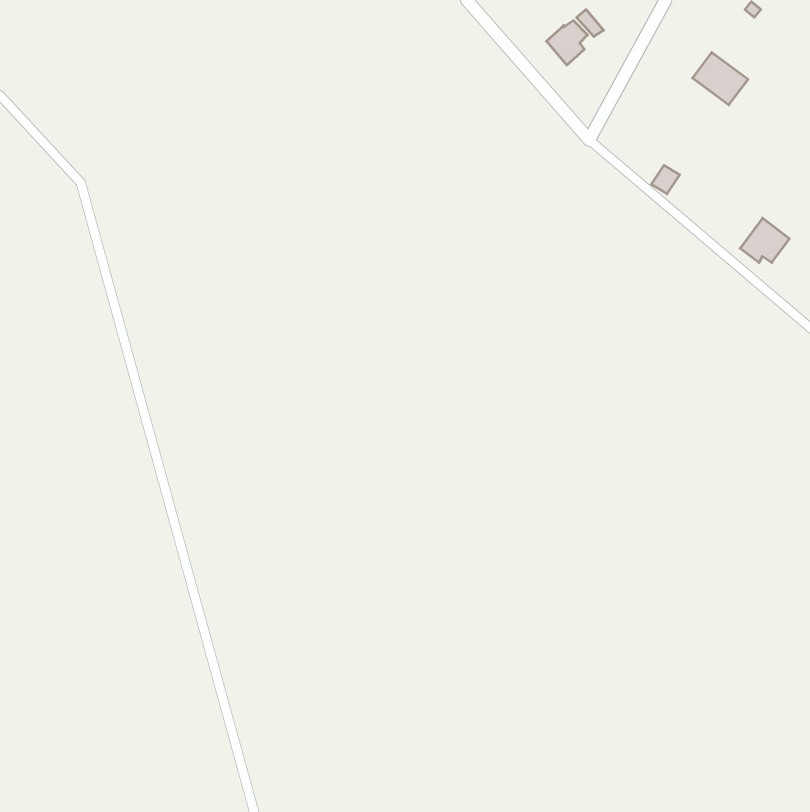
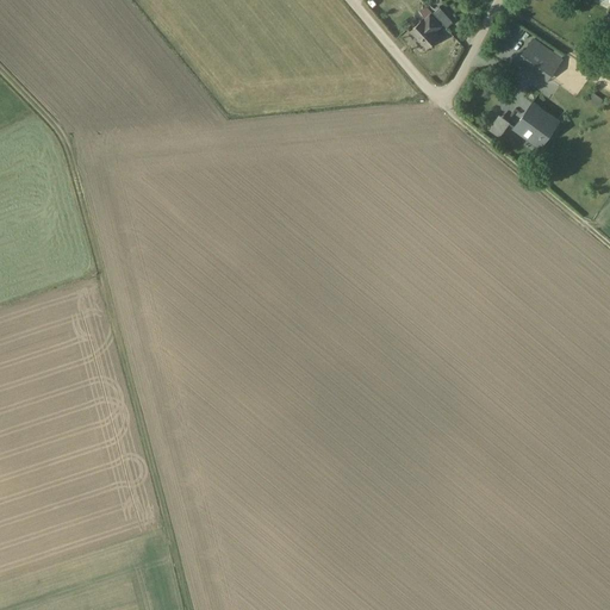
building: [740,218,789,263] -> [518,105,555,138]

